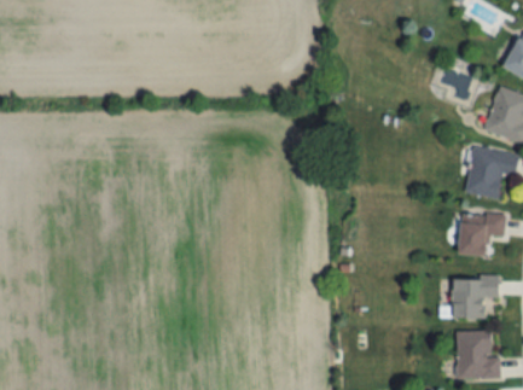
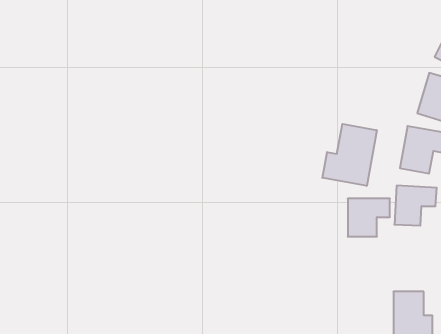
building: none -> [322,124,377,186]
building: [452,275,499,318] -> [348,199,390,237]

